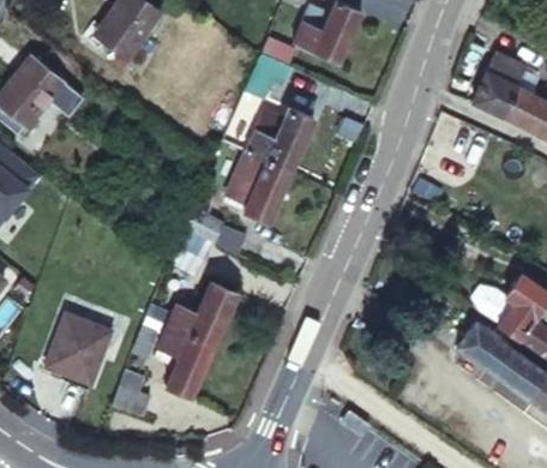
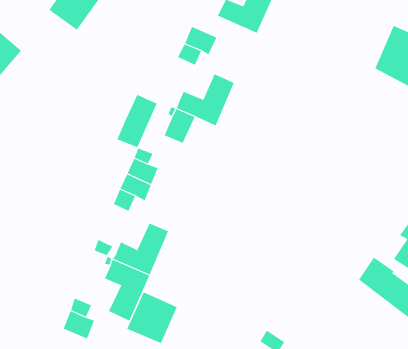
building: [244,160,291,222] -> [116,94,158,148]
building: [47,317,110,380] -> none
building: none -> [126,292,178,344]

